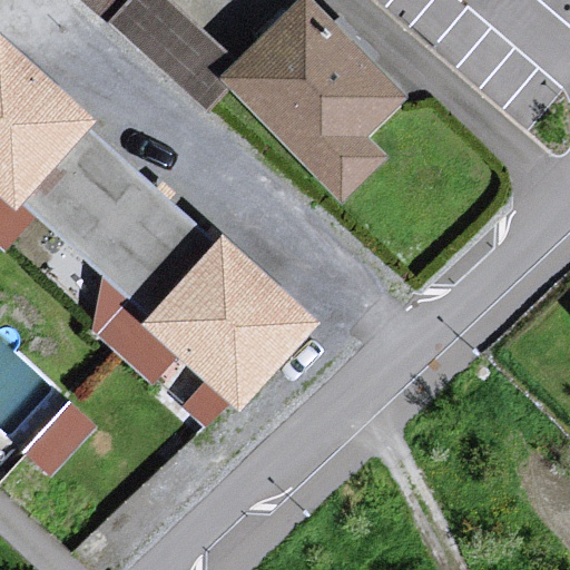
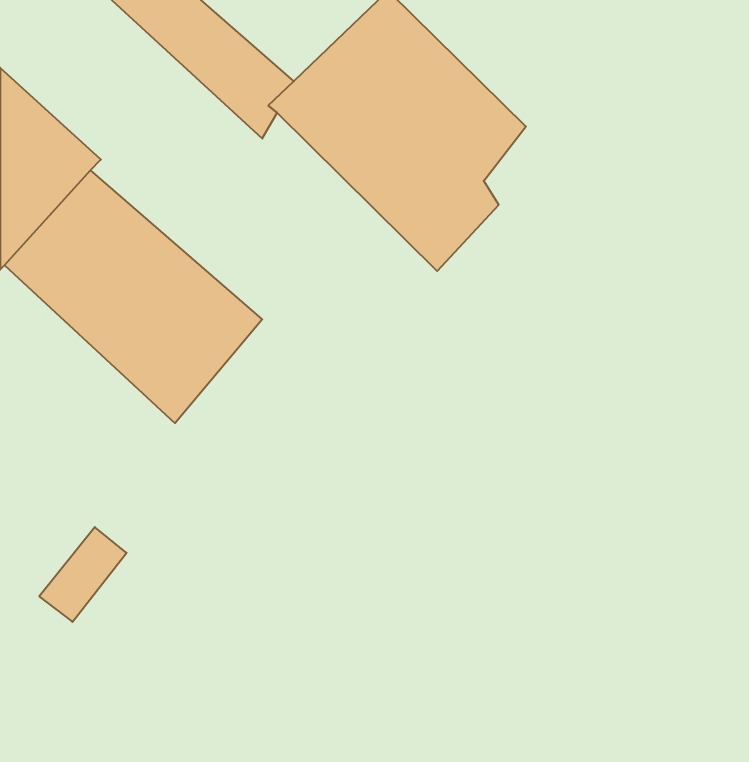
building: [138,228,313,410] -> none

